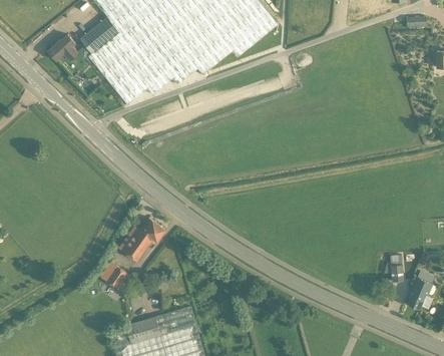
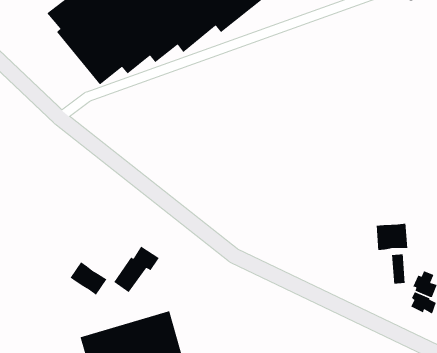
building: [48,35,78,61] -> none
building: [124,219,166,262] -> [113,245,160,293]
building: none -> [376,223,408,251]

